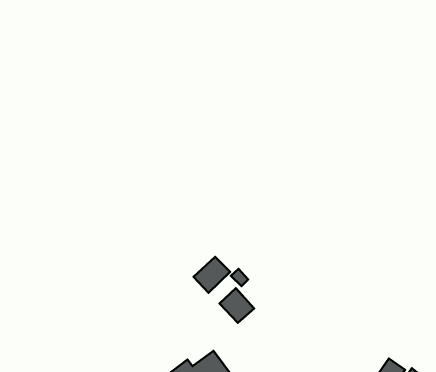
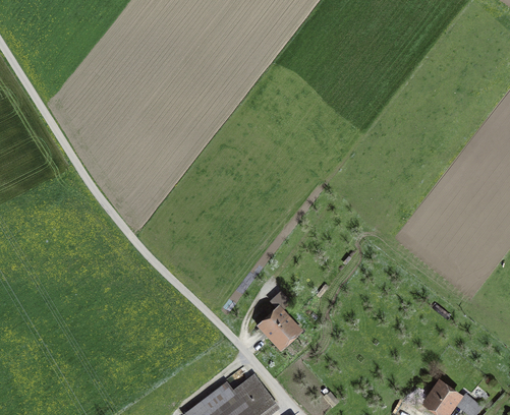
building: [194,257,230,293] -> none

